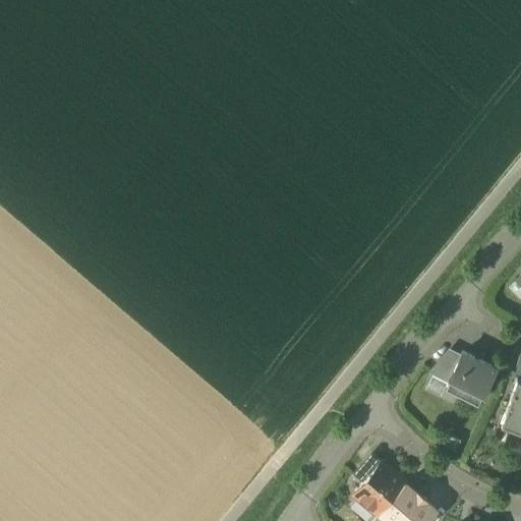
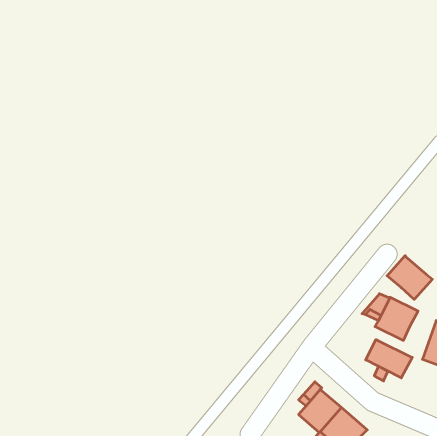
building: none -> [387,256,432,299]
building: none -> [366,340,412,378]

